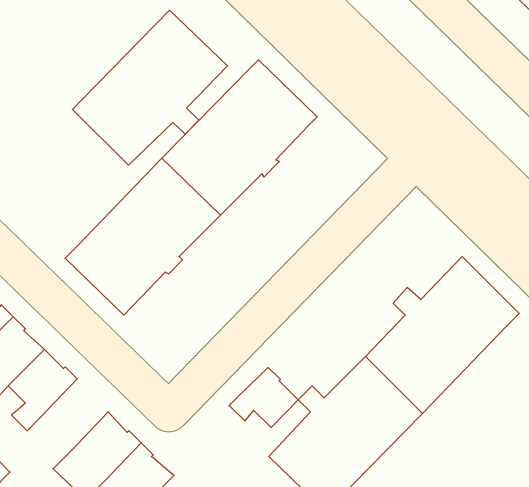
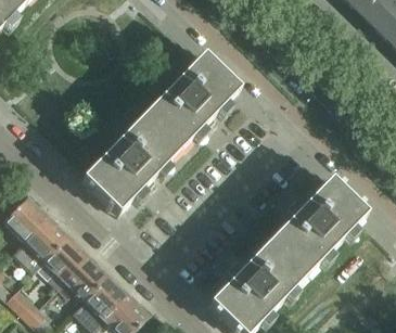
building: [72,10,228,165] -> none
building: [229,368,298,427] -> none
building: none -> [55,256,106,300]

